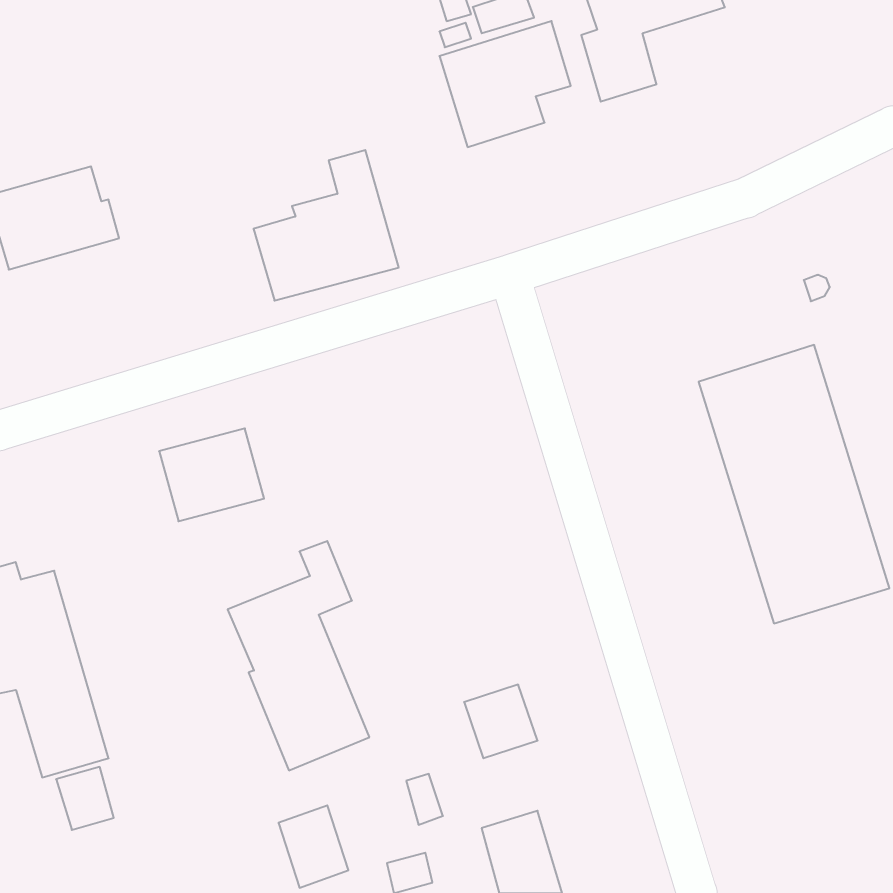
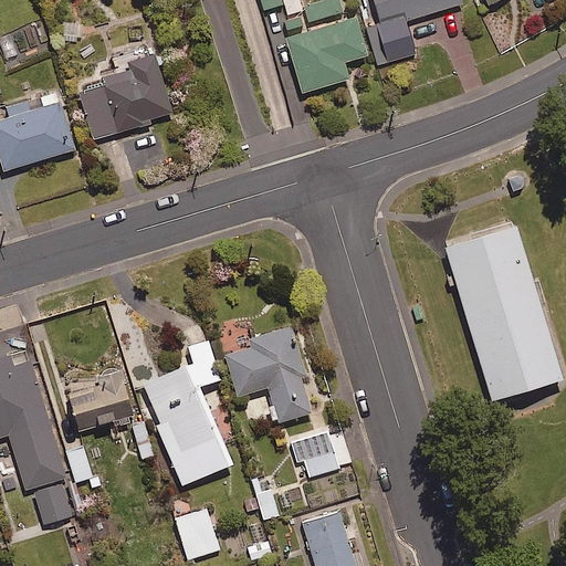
building: [253,150,399,301] -> [81,43,172,138]
building: [159,428,264,521] -> [69,373,135,431]
building: none -> [226,327,313,422]

